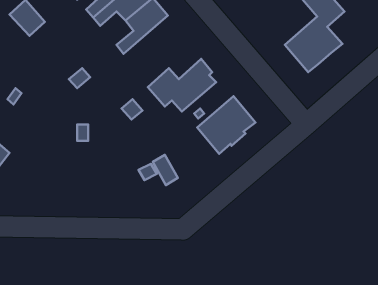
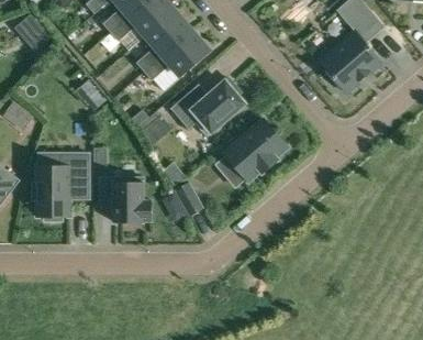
building: none -> [143,30,209,79]
building: none -> [32,153,88,220]
building: none -> [99,177,151,221]

